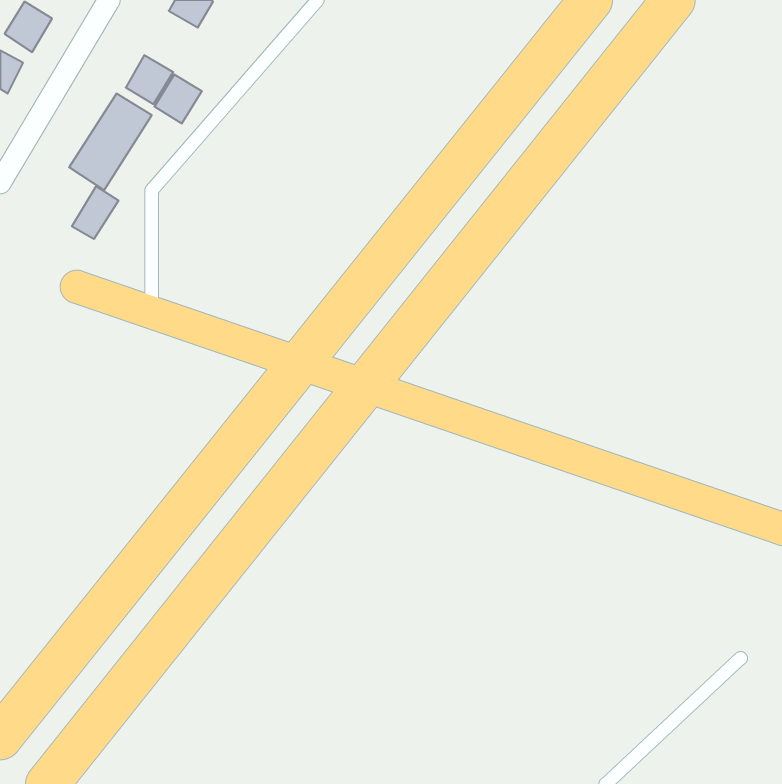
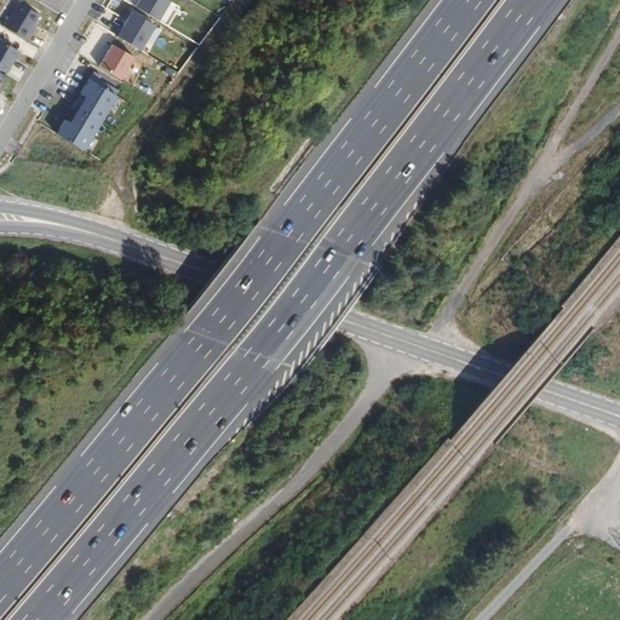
building: [154,74,202,123] -> [117,11,155,50]
building: [72,186,118,239] -> none

